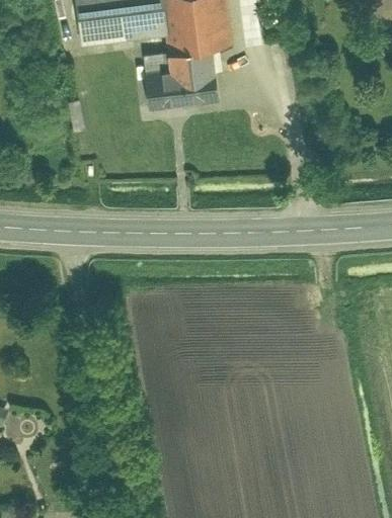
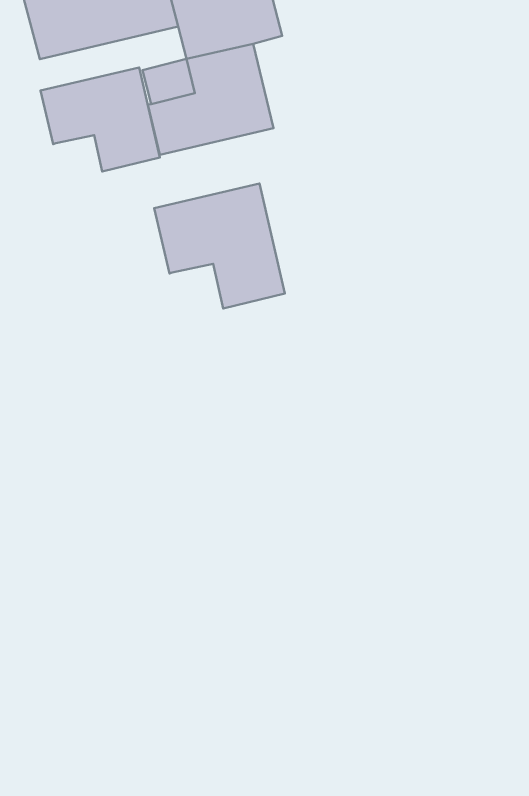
building: none -> [41,67,160,172]
building: none -> [154,183,285,308]

